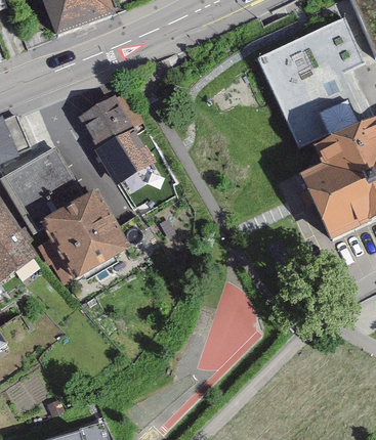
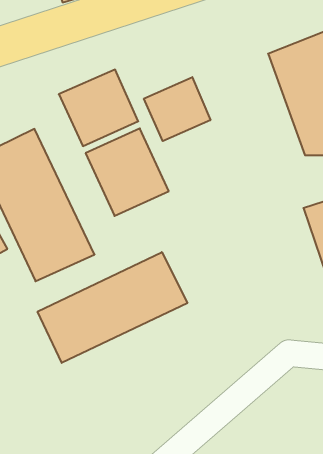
building: none -> [144,77,210,141]
building: none -> [38,252,187,363]

